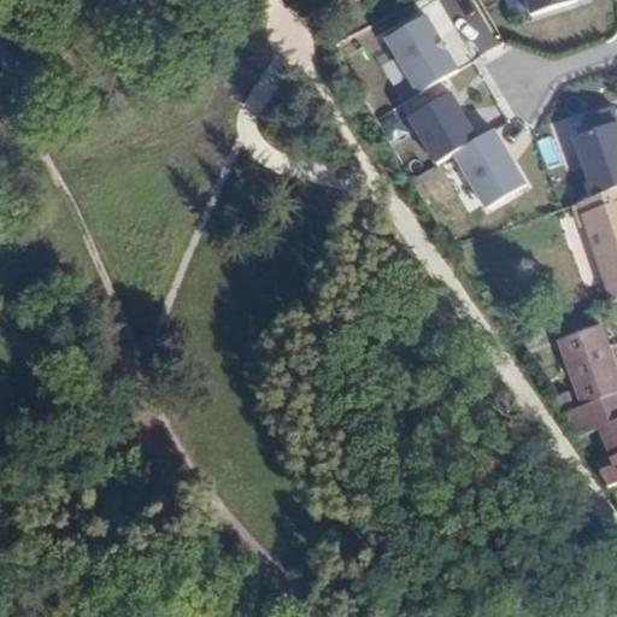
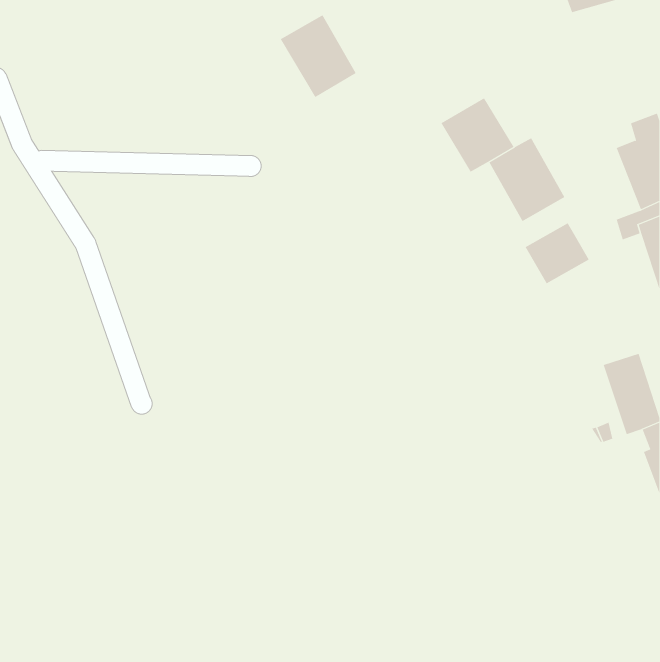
building: [386,13,457,90] -> [280,15,356,98]
building: none -> [525,223,590,284]

